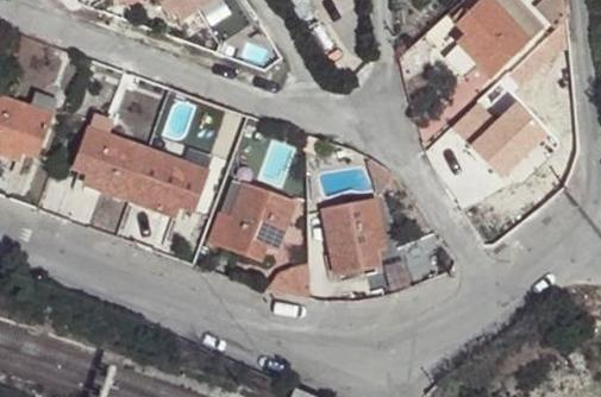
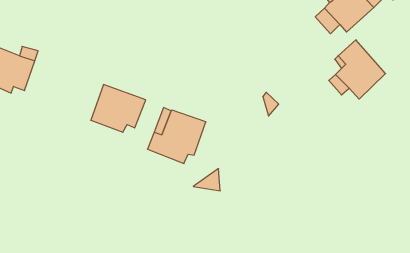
building: [68,116,149,198] -> none
building: [323,200,383,272] -> none

